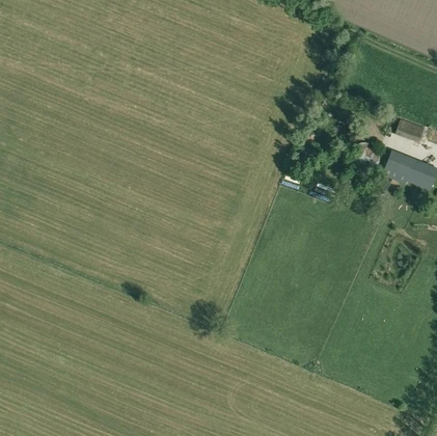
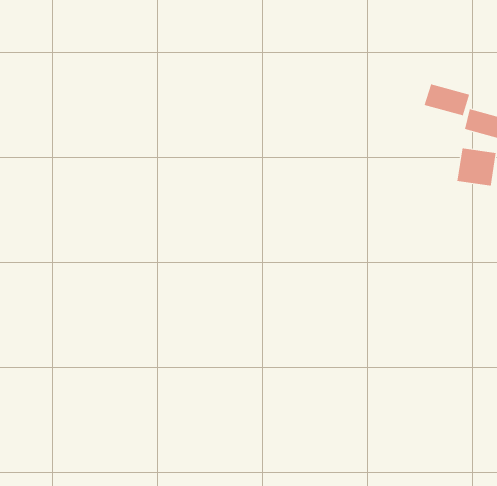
building: none -> [424,83,470,116]

